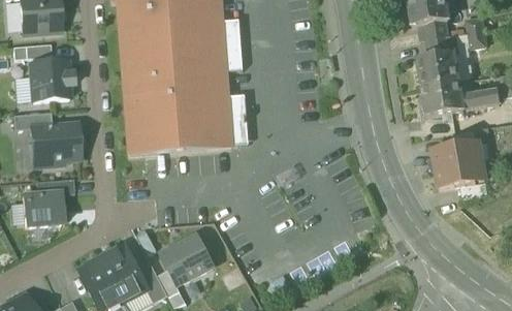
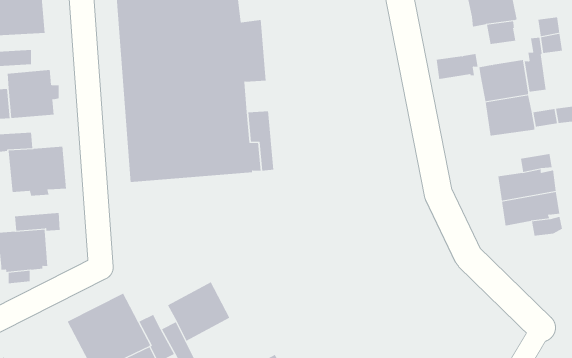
building: [426,35,461,57] -> [436,53,479,80]

